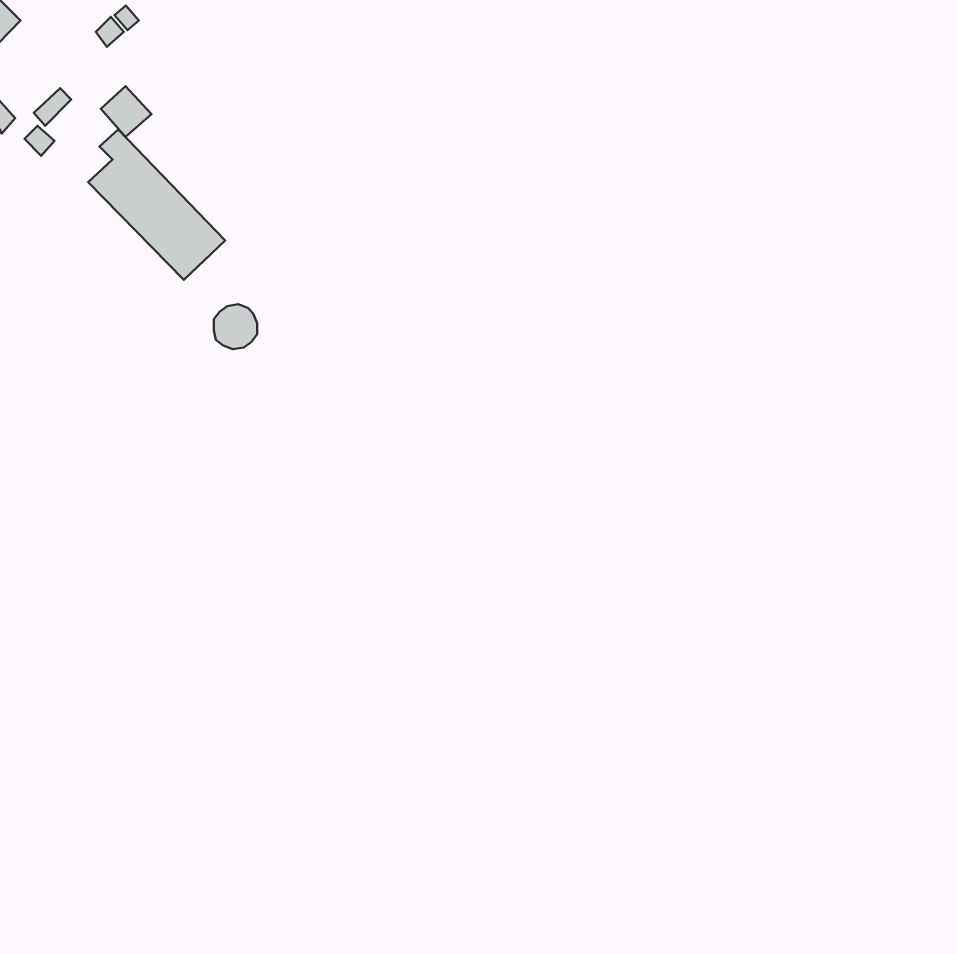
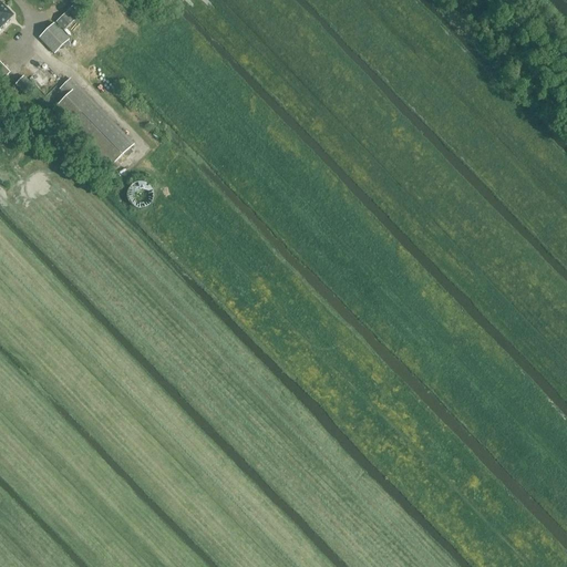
building: [101,86,152,137] -> [39,21,69,51]

